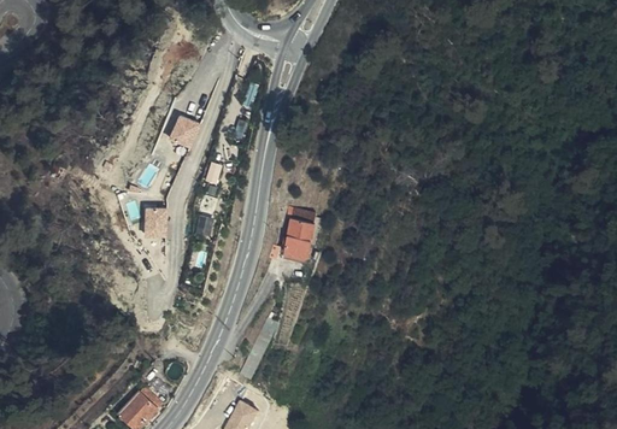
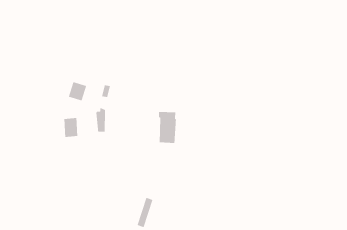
building: [170,116,200,147] -> [68,81,87,102]

